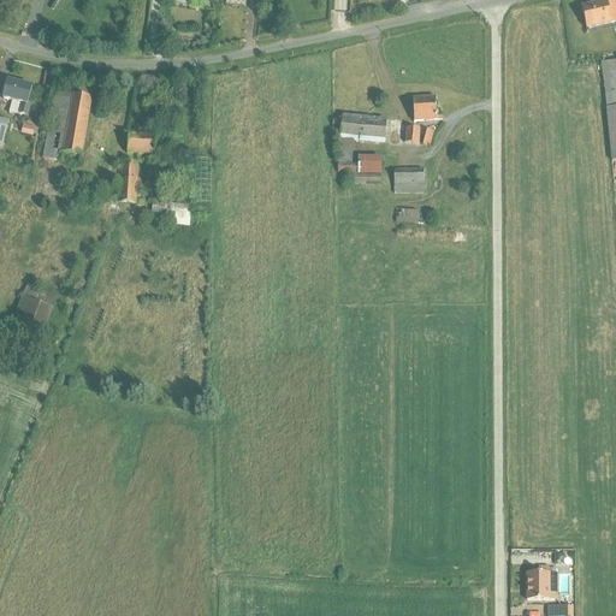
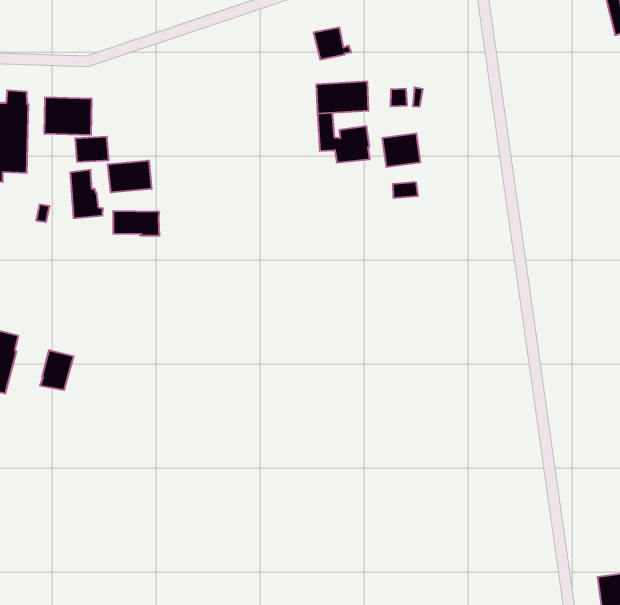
building: none -> [45,97,92,135]
building: [413,94,443,119] -> [314,27,351,59]
building: none -> [108,160,152,193]
building: none -> [40,350,73,390]

